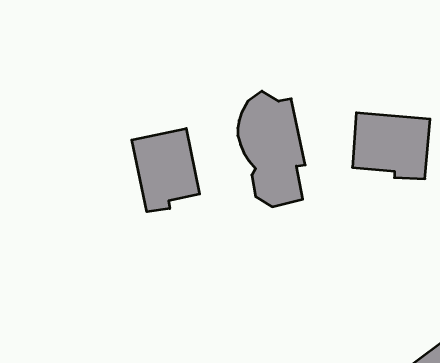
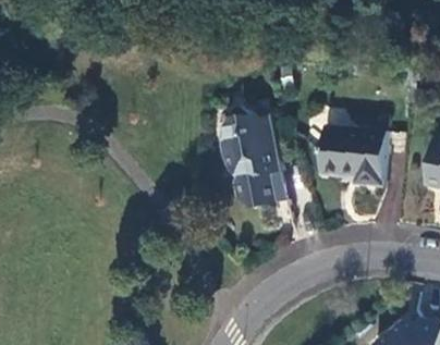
building: [132,128,200,212] -> none

